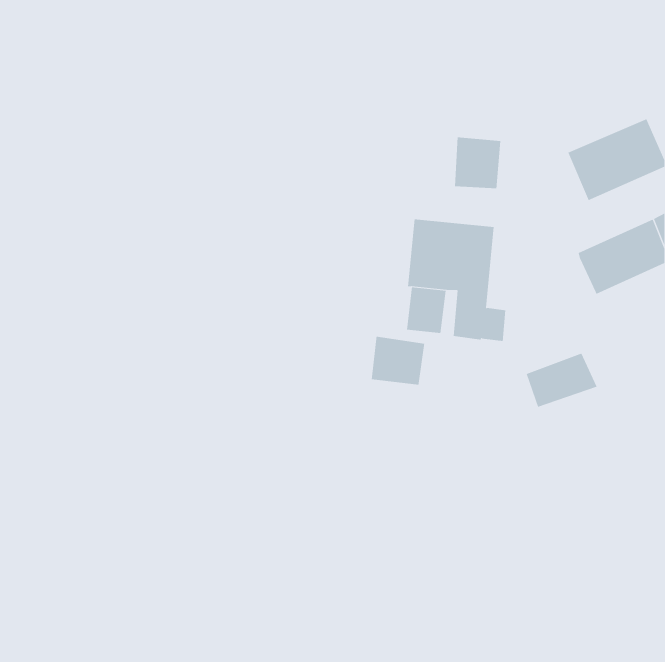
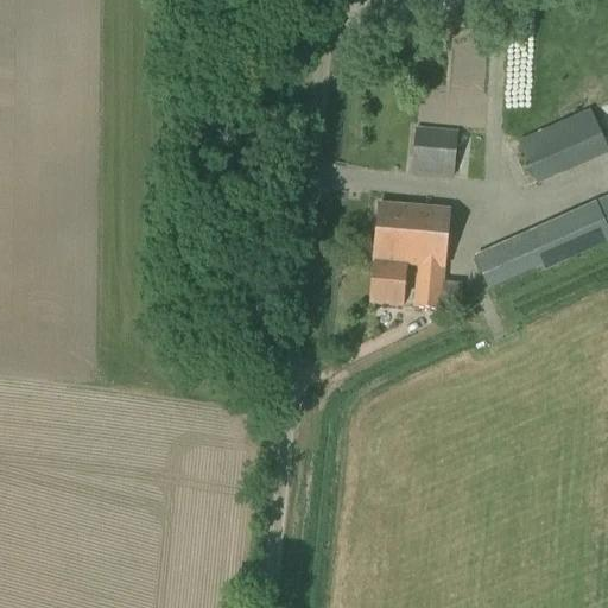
building: [371,336,425,386] -> none
building: [526,353,597,408] -> [477,235,543,285]

